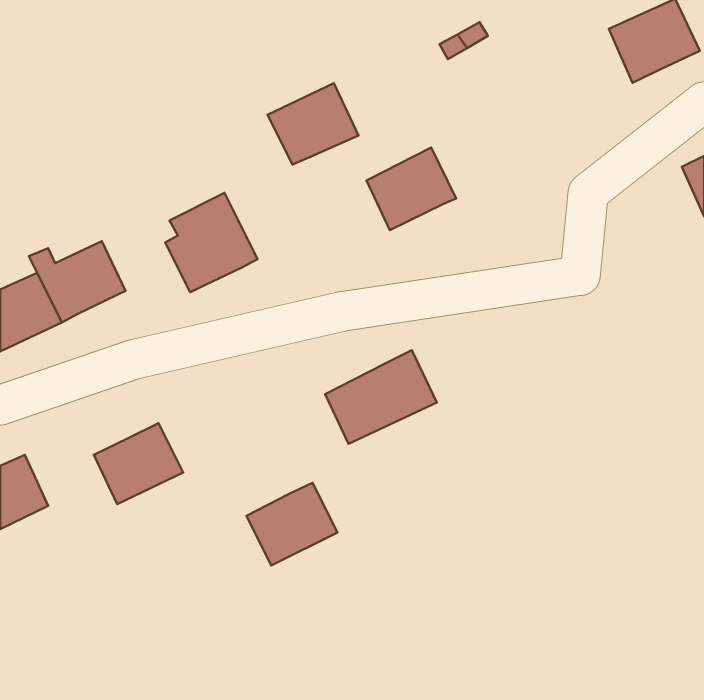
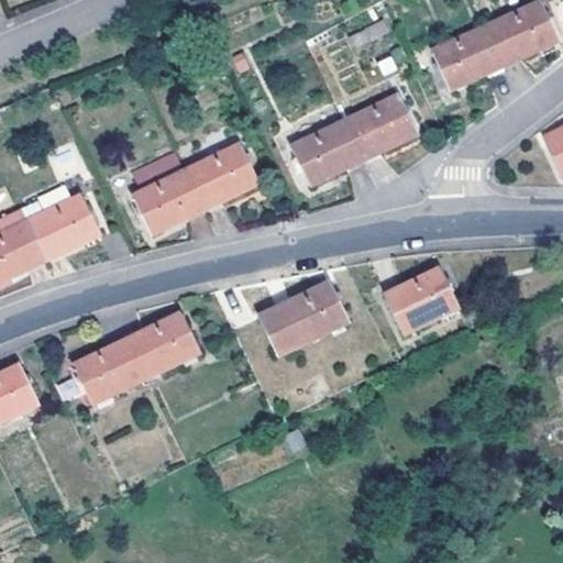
building: none -> [432,23,505,90]
building: [268,83,359,164] -> [186,142,258,207]
building: none -> [344,92,417,158]
building: none -> [385,266,459,332]
building: [246,483,337,566] -> [126,311,199,377]

